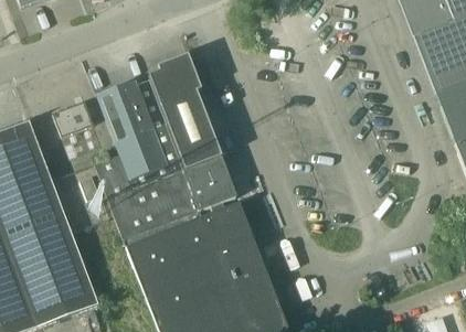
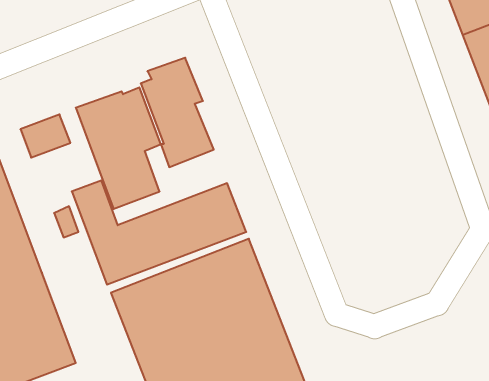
building: [118,122,221,189] -> none

